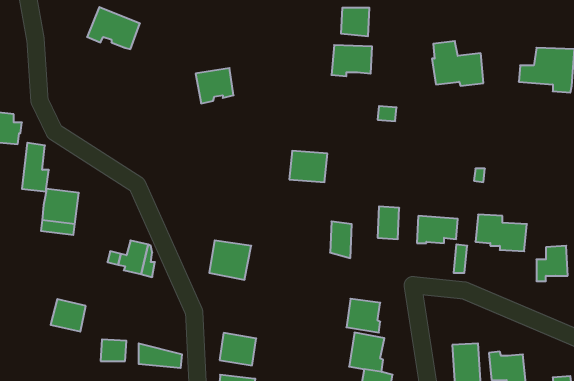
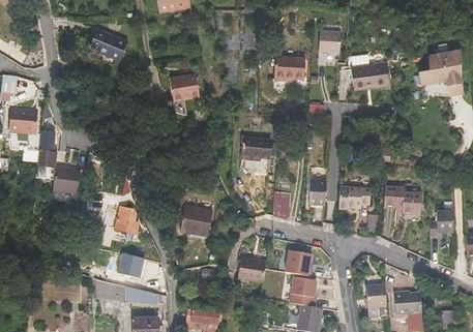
building: [341,8,369,36] -> [318,31,339,53]
building: [51,299,86,332] -> [117,251,144,276]
building: [220,333,256,365] -> [237,258,265,282]

